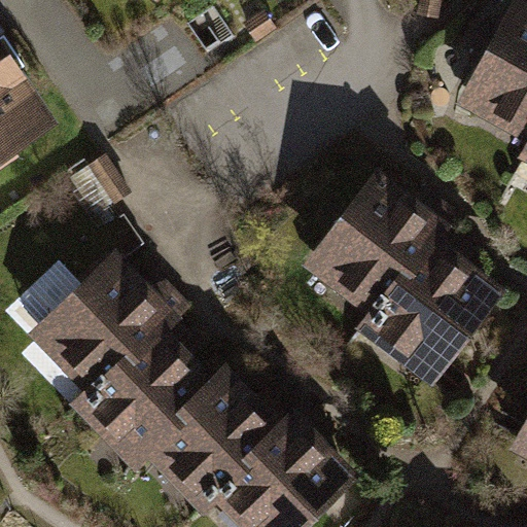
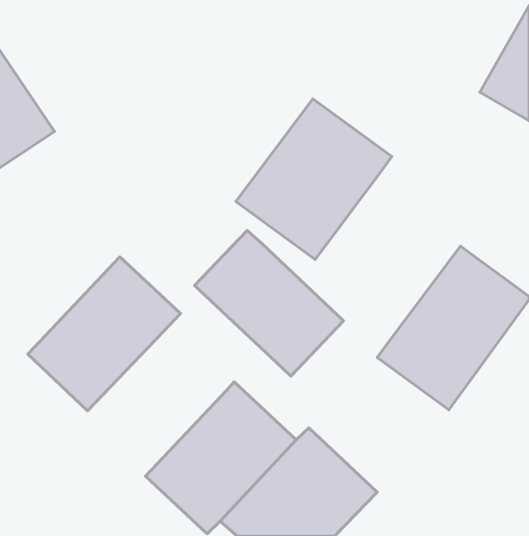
building: [303,169,453,323] -> [236,99,392,259]
building: none -> [195,230,343,376]
building: [73,319,218,465] -> none

